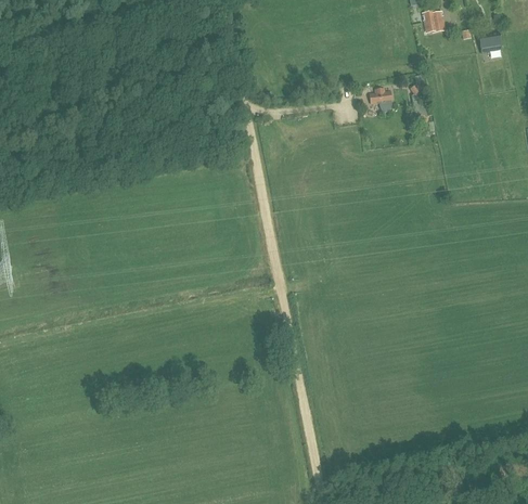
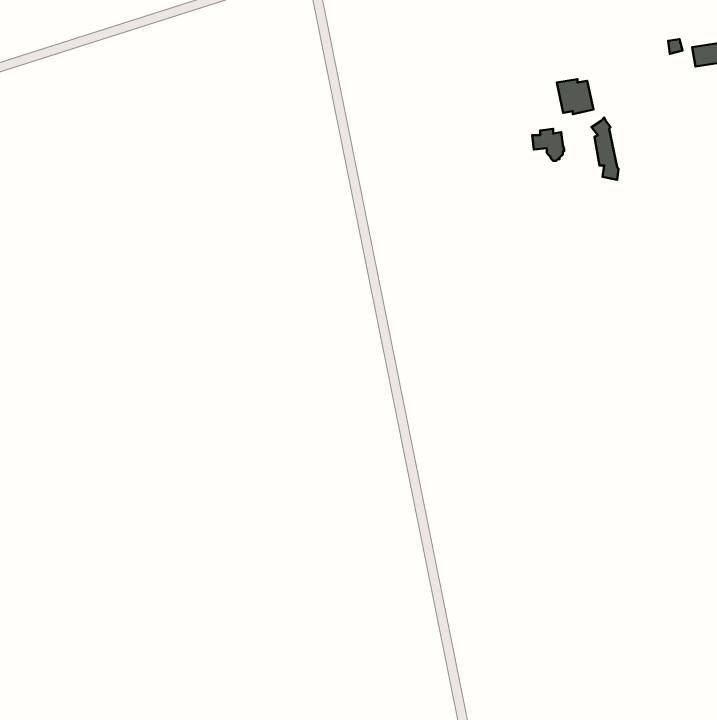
building: [421,10,446,34] -> [557,79,593,114]

